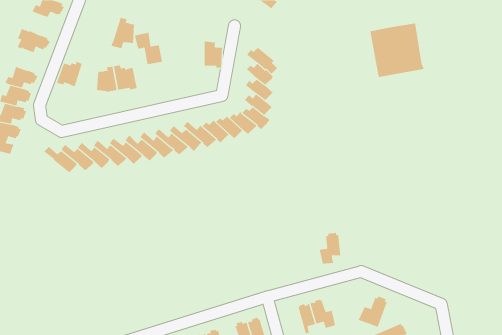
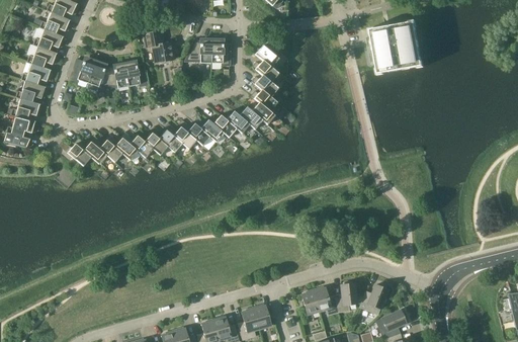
building: none -> [38,13,71,34]
building: [111,17,135,49] -> [86,62,109,92]
building: none -> [185,39,211,64]
building: none -> [26,47,59,68]
building: [319,233,341,264] -> [335,282,356,313]

